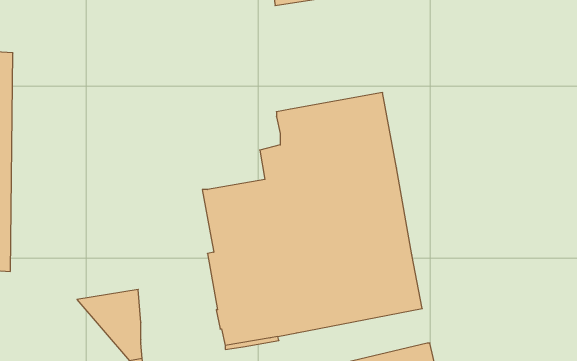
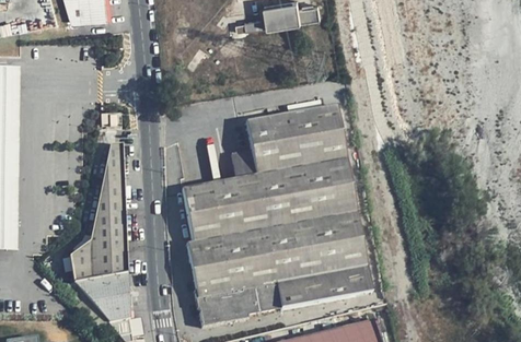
building: none -> [68,142,126,281]

